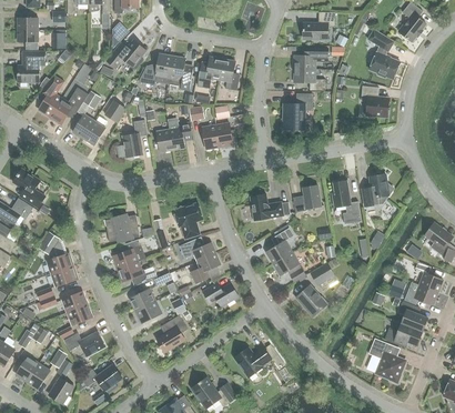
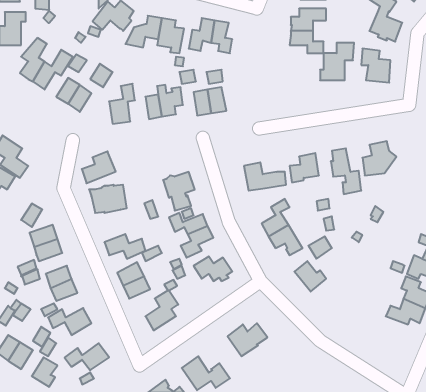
building: [281,93,313,129] -> [320,43,354,80]
building: [113,239,145,269] -> [82,151,116,183]
building: [368,338,405,382] -> none

